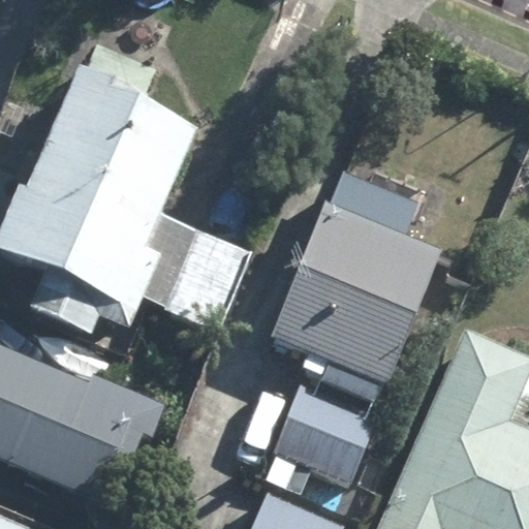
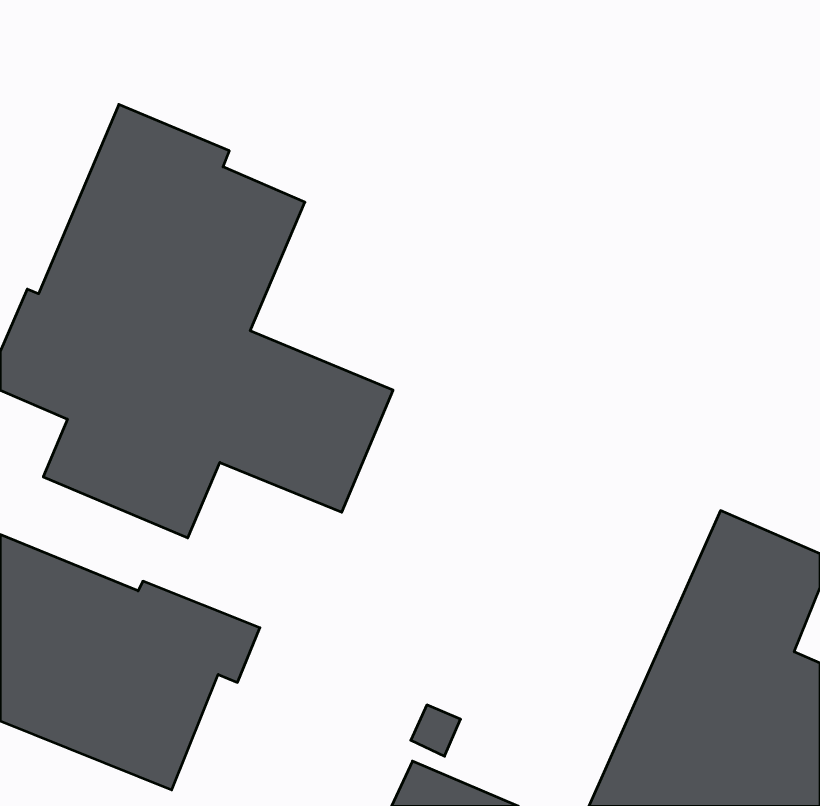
building: [266,177,439,385] -> none
building: [269,366,381,483] -> none

